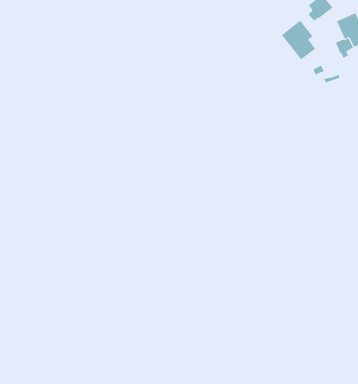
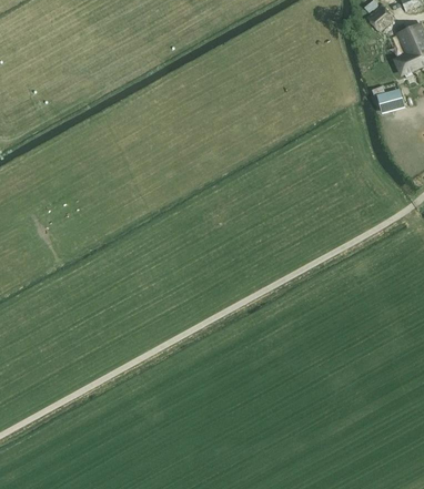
building: [281,20,316,60] -> none

